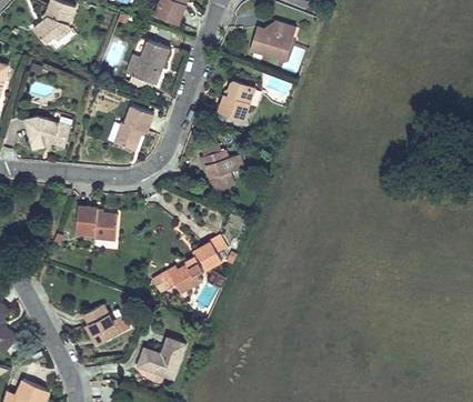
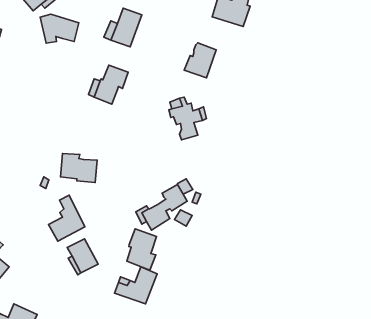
building: [26,115,70,149] -> [40,14,79,43]
building: none -> [48,195,85,241]
building: none -> [127,229,156,270]

